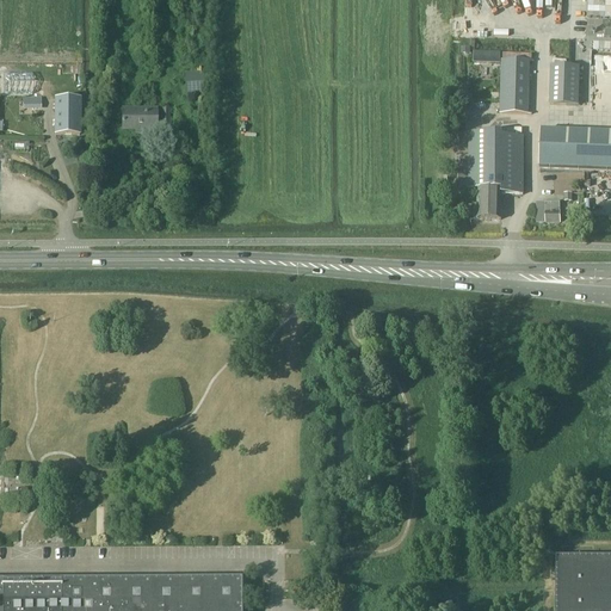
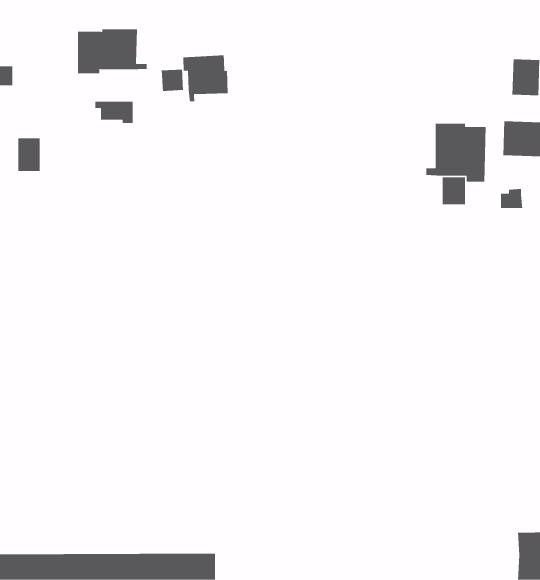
building: none -> [77,28,148,74]
building: [500,56,533,110] -> none
building: none -> [182,55,228,102]
building: [56,94,80,130] -> [18,137,40,172]

